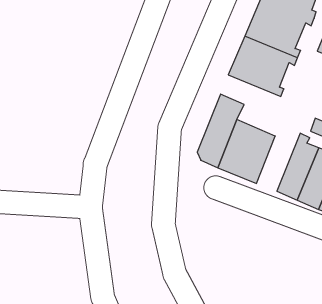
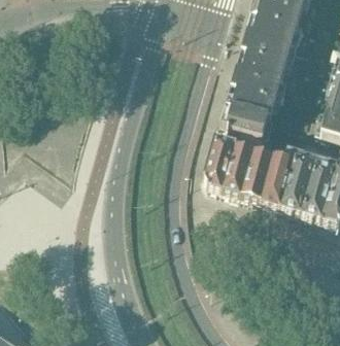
building: none -> [219,102,275,134]
building: none -> [262,146,297,204]

